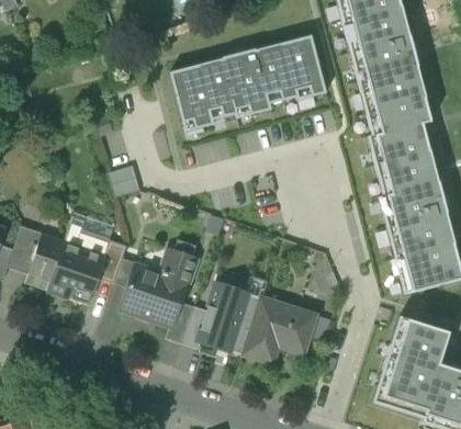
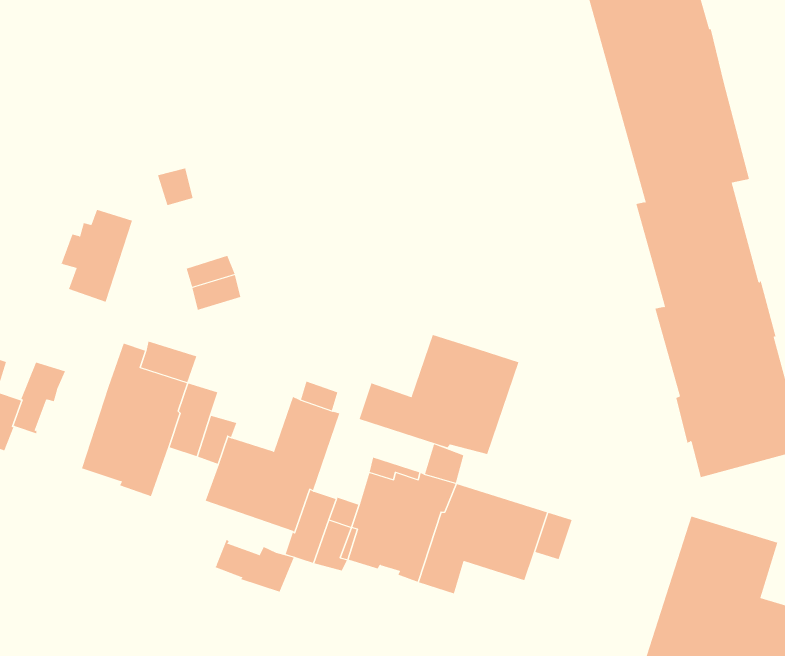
building: [170,35,327,131] -> none
building: none -> [359,334,519,455]
building: [22,235,64,289] -> [60,209,133,302]
building: none -> [215,539,295,593]

